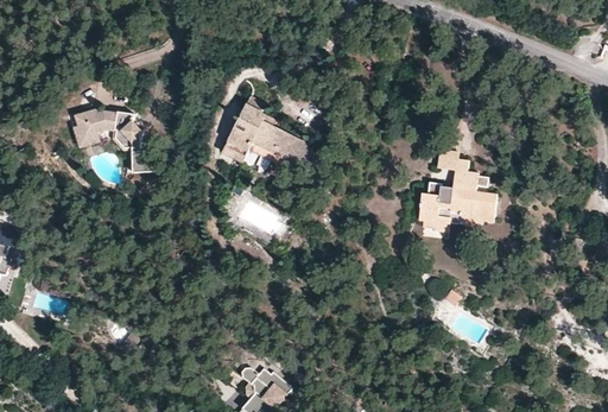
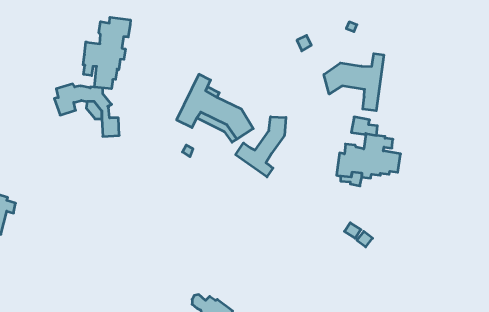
building: none -> [83,17,130,89]
building: none -> [324,54,384,111]
building: none -> [236,117,286,177]

